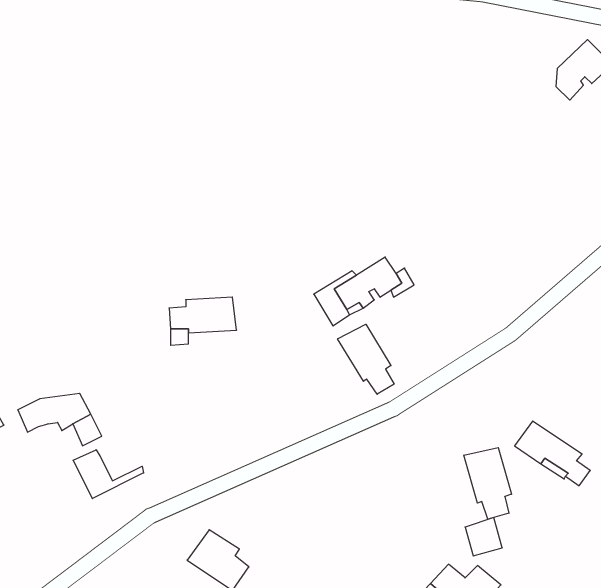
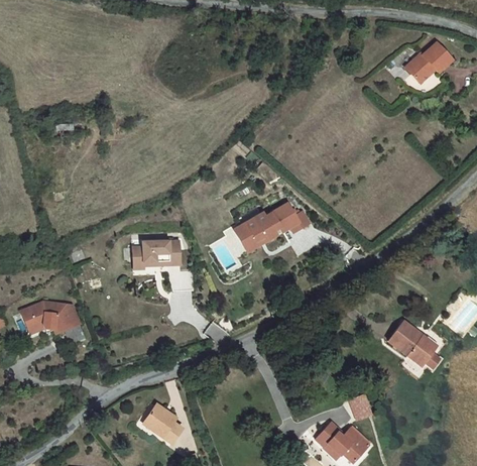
building: [338,324,394,394] -> none
building: [464,448,512,519] -> none
building: [73,450,144,499] -> none

